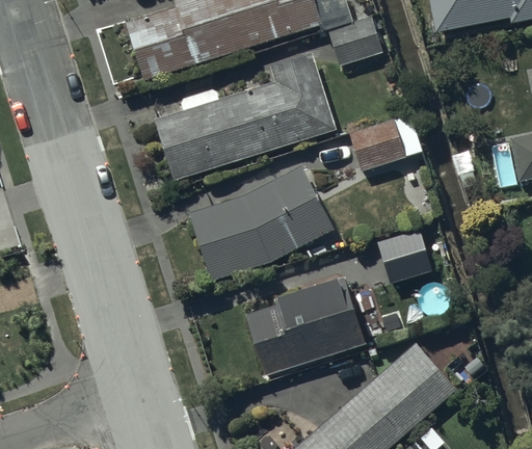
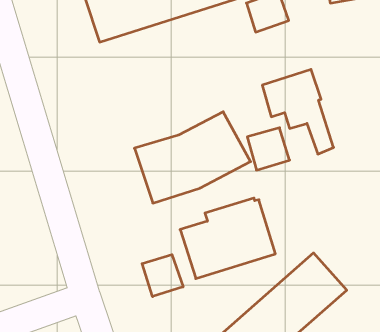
building: [155,52,337,180] -> none
building: [378,230,431,283] -> [247,128,290,170]
building: none -> [142,255,183,297]

